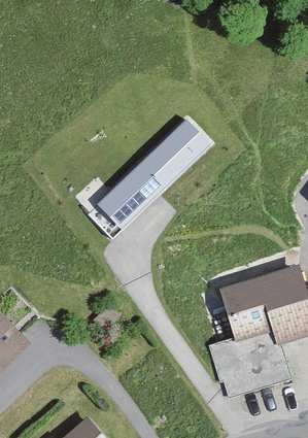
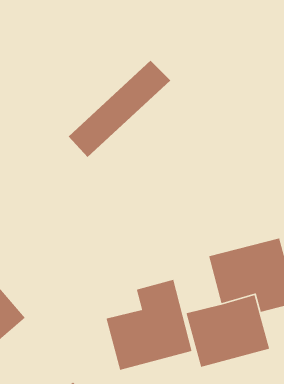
building: [98,122,206,225] -> [68,60,171,158]
building: none -> [106,279,193,371]

